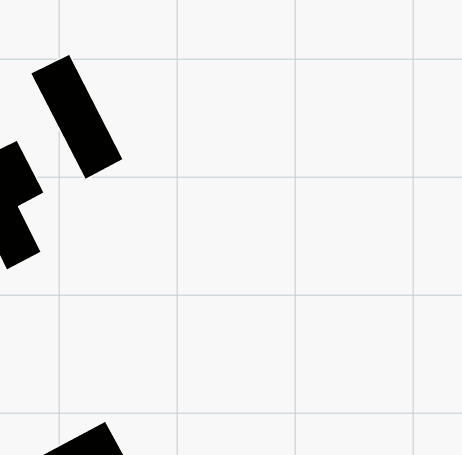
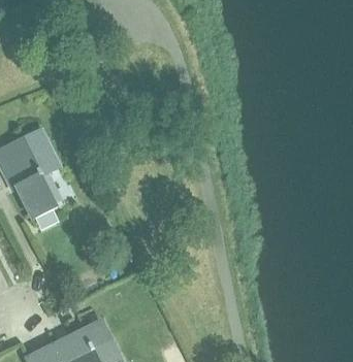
building: [30,54,123,180] -> none

